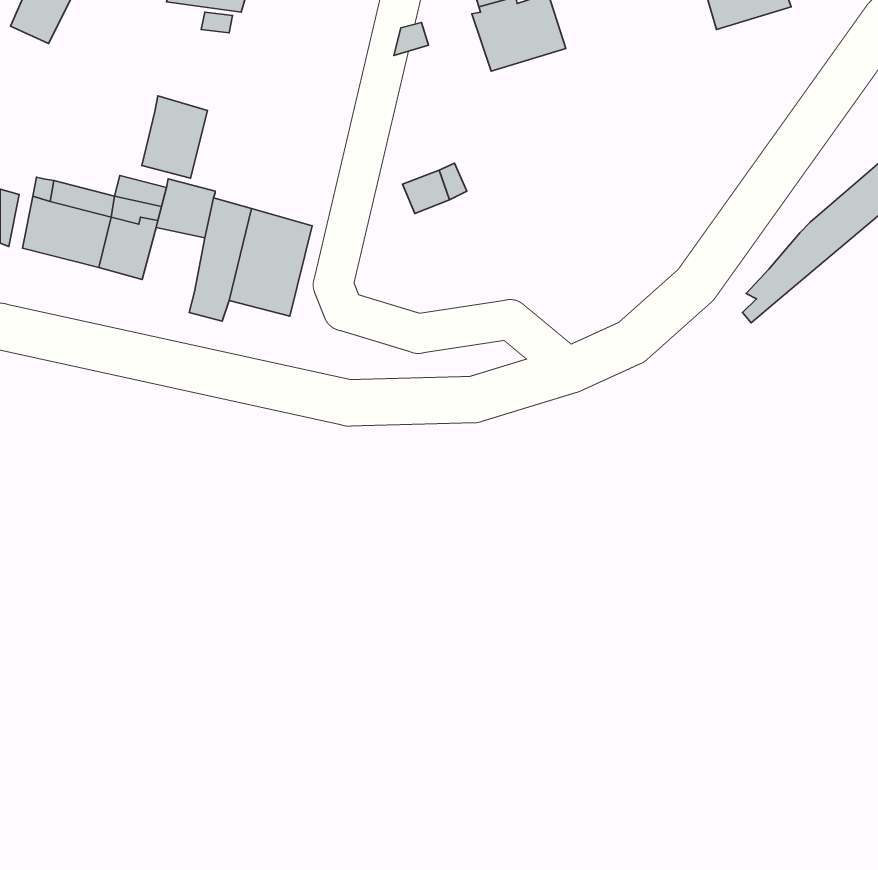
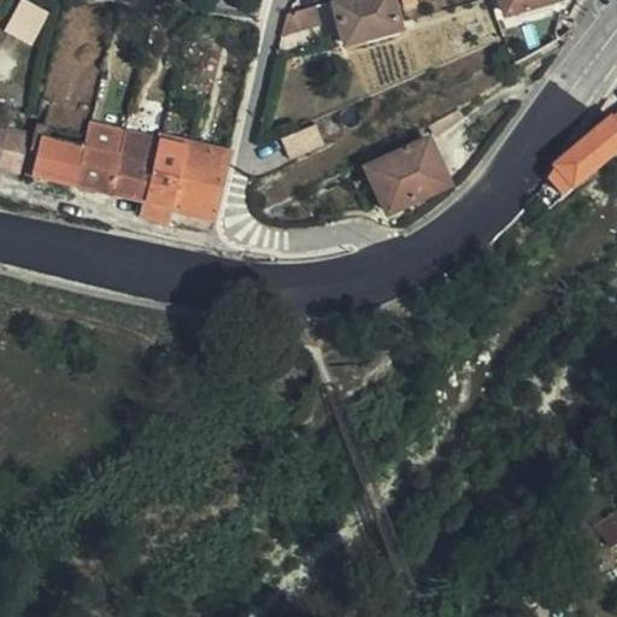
building: [142,96,207,178] -> none
building: none -> [375,128,456,198]
building: none -> [105,158,148,202]

